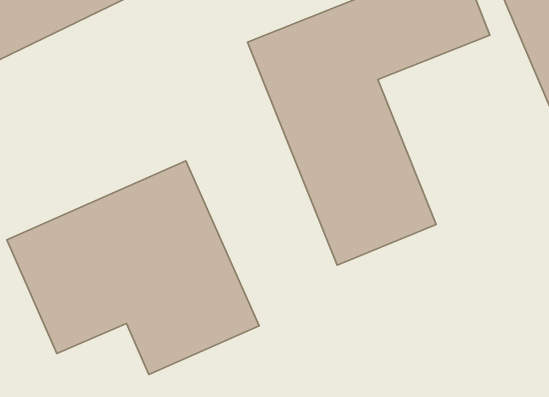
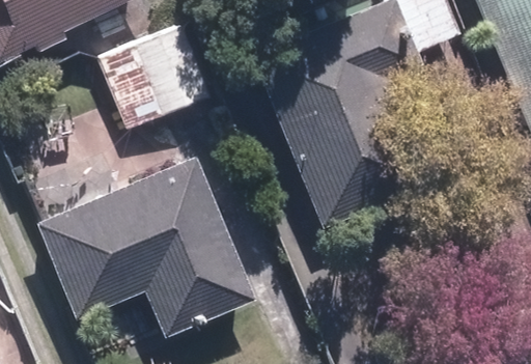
building: none -> [92,16,218,135]

